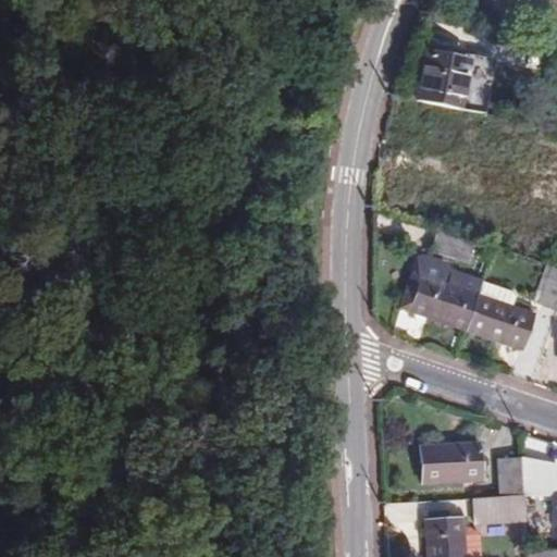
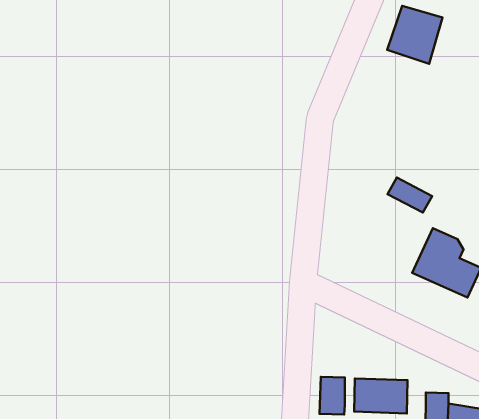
building: [406,257,485,330] -> none
building: none -> [319,377,345,414]

